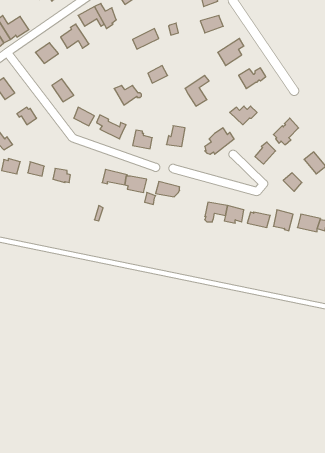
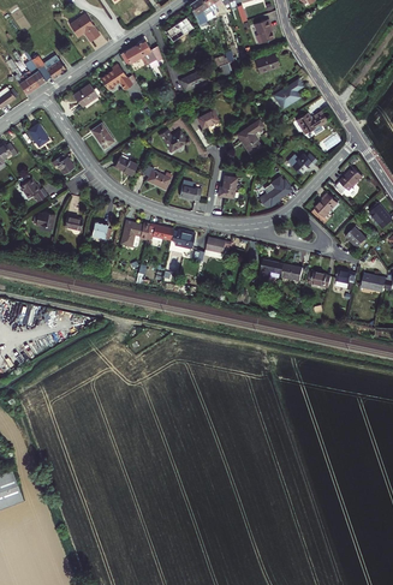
building: none -> [120,220,149,246]

